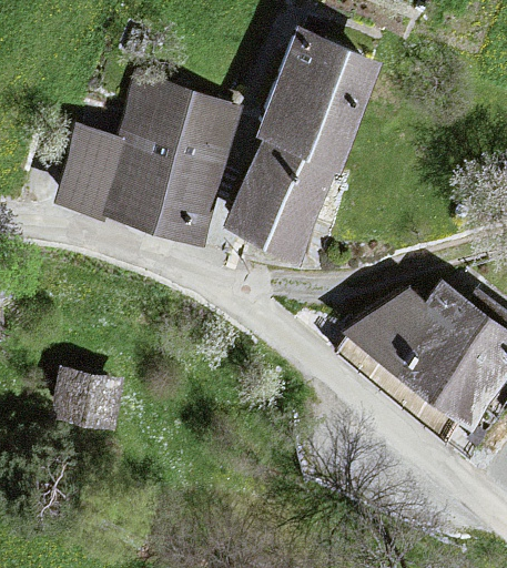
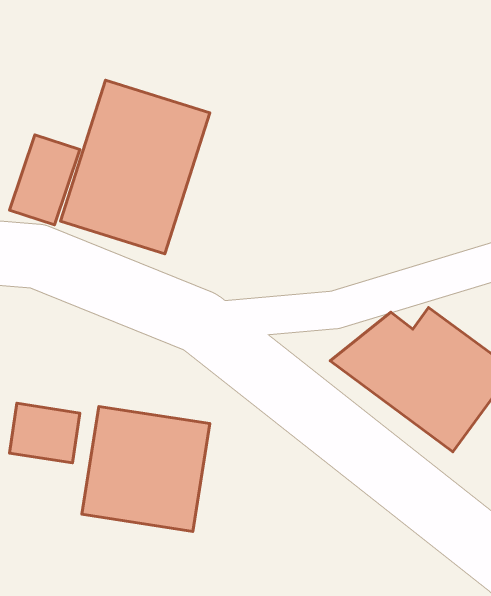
building: [226,34,377,257] -> none
building: none -> [82,406,210,531]

